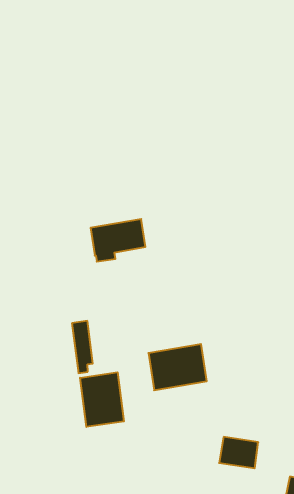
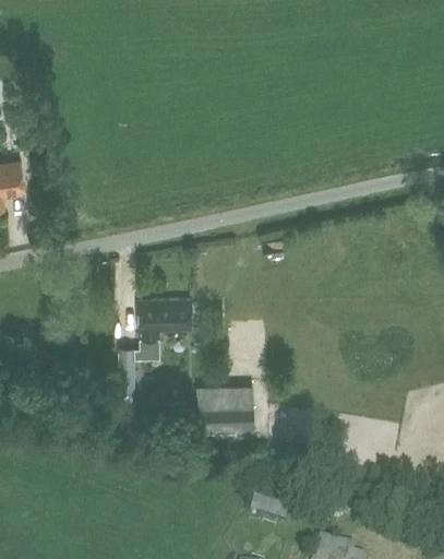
building: [91,219,145,262] -> [141,301,194,338]
building: [80,372,124,427] -> none

